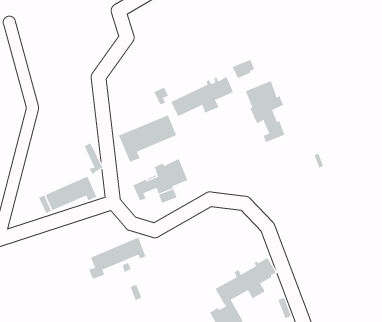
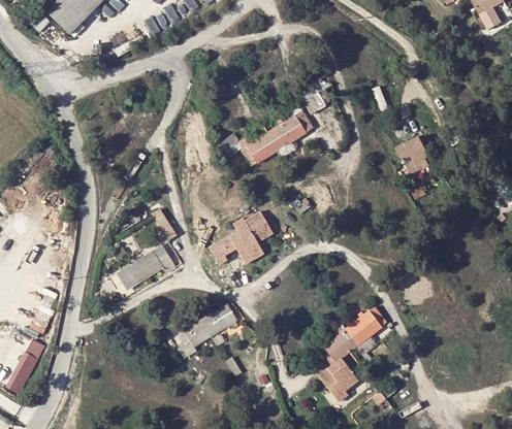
building: [245,80,285,143] -> none
building: none -> [396,135,430,168]
building: [118,115,177,162] -> none

